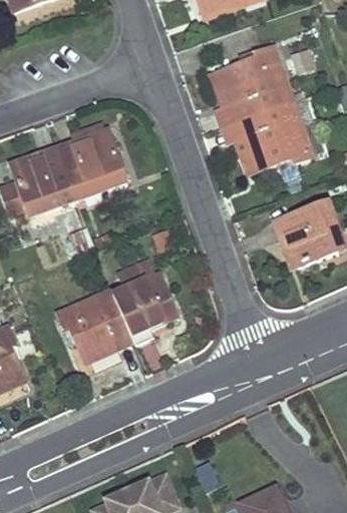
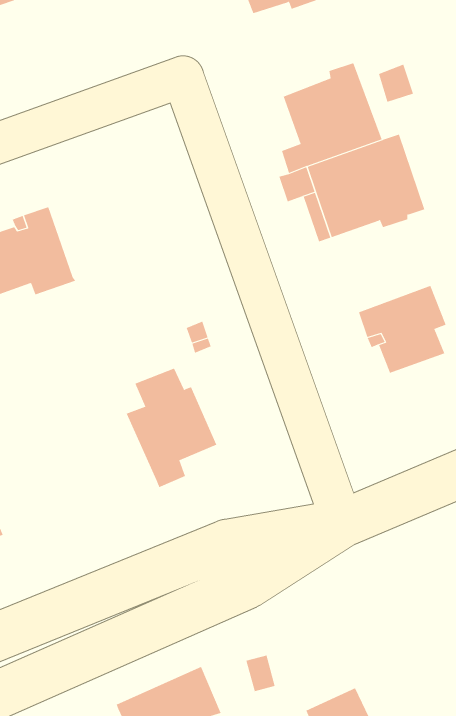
building: [58,131,126,197] -> none
building: [58,290,133,362] -> none

